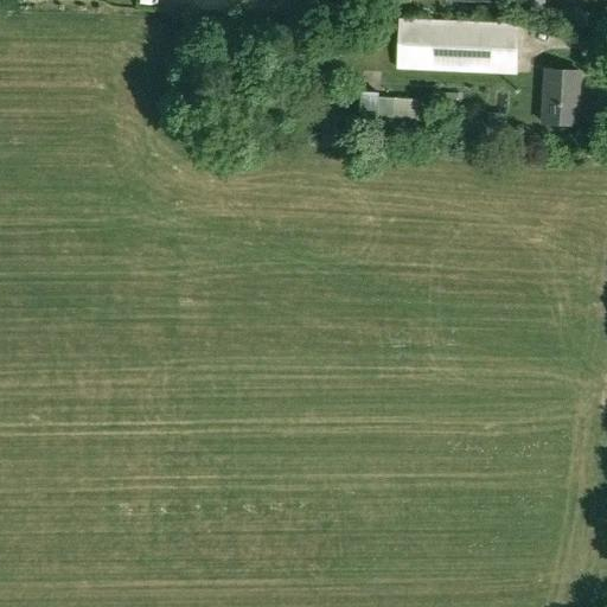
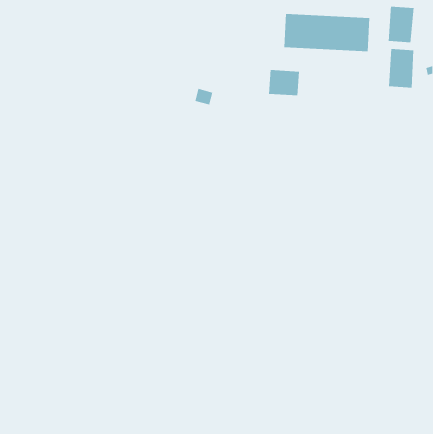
building: none -> [388,6,414,43]

